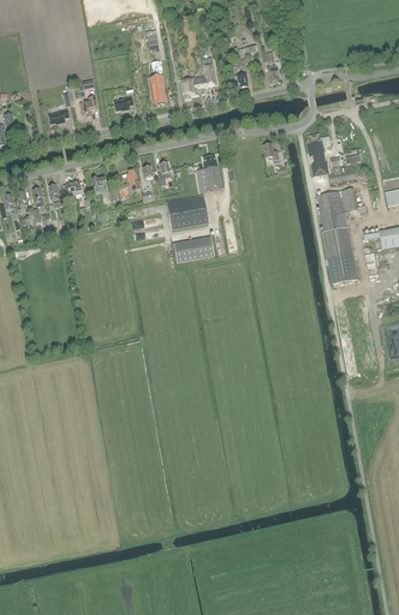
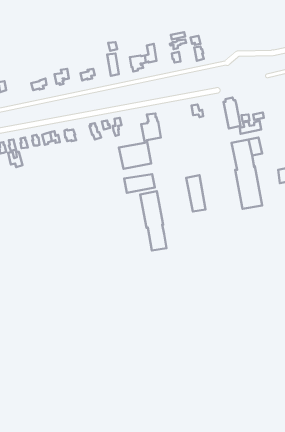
building: none -> [186,175,206,211]
building: none -> [140,191,166,250]

